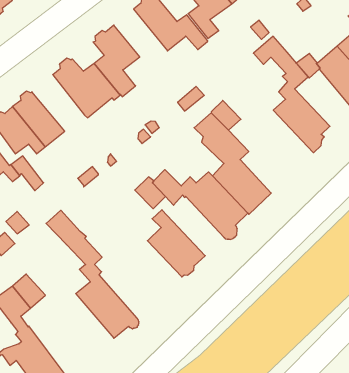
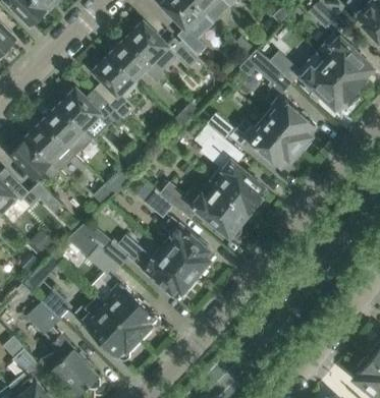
building: none -> [110,39,165,82]
building: none -> [42,106,92,156]
building: none -> [230,117,304,167]
building: none -> [104,237,196,299]
building: none -> [73,295,140,360]

